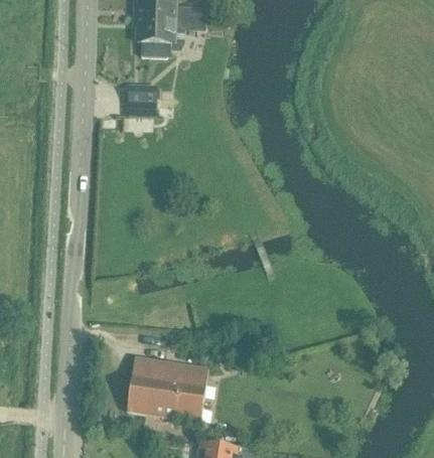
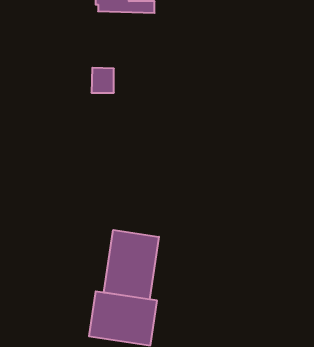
building: [136,16,205,55] -> none
building: none -> [104,230,159,299]

